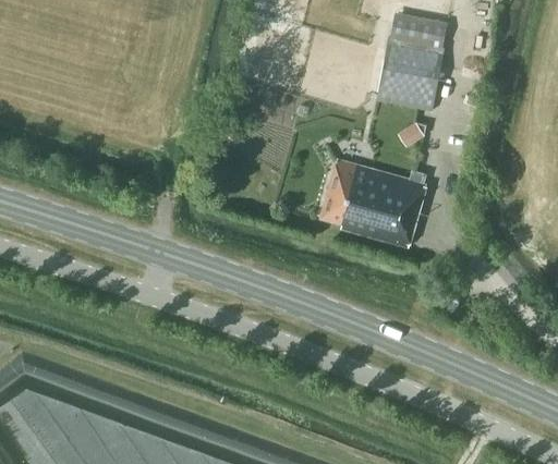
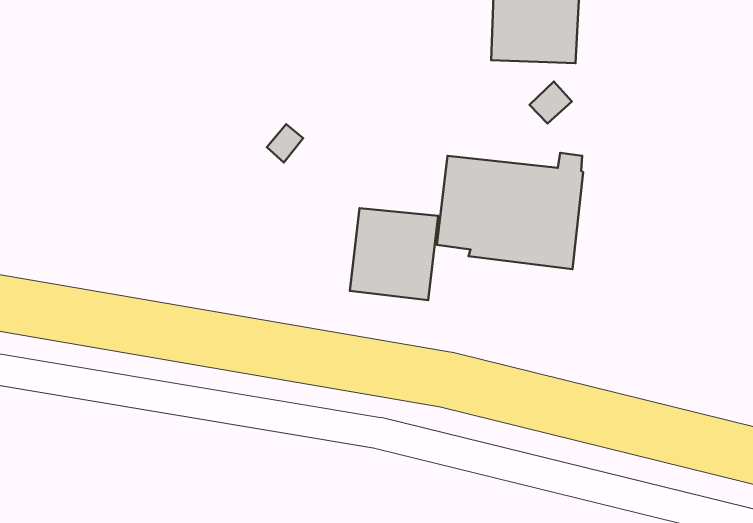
building: none -> [350,208,438,300]

